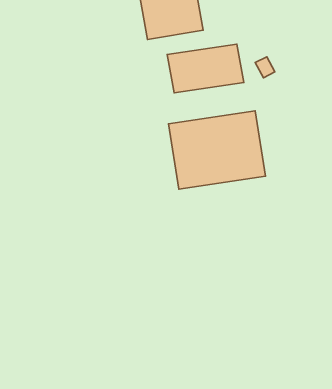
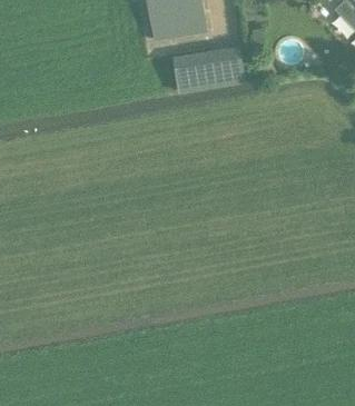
building: [169,111,266,189] -> none

